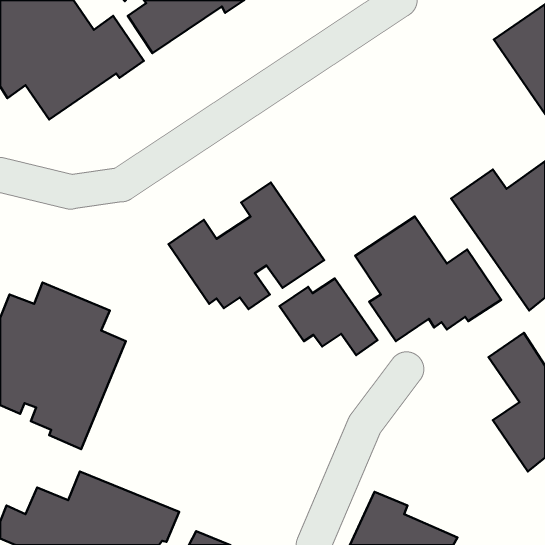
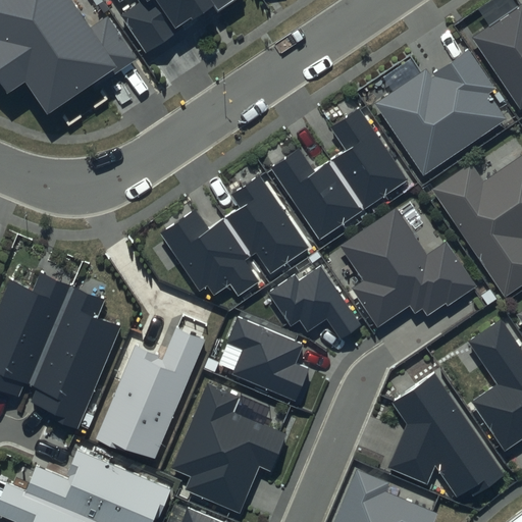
building: none -> [375,50,506,175]
building: none -> [270,110,407,240]
building: none -> [227,317,308,401]
building: none -> [95,326,206,460]
building: none -> [388,372,503,498]
building: none -> [171,382,285,513]

